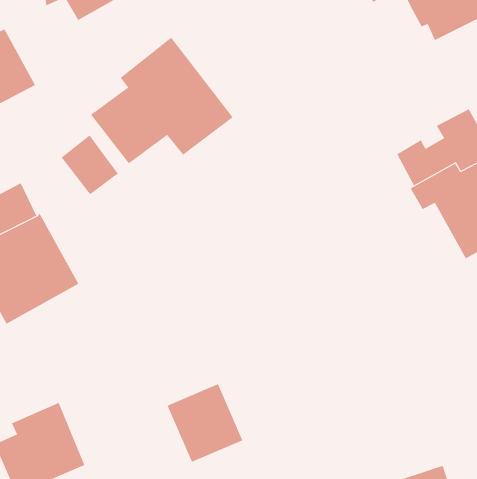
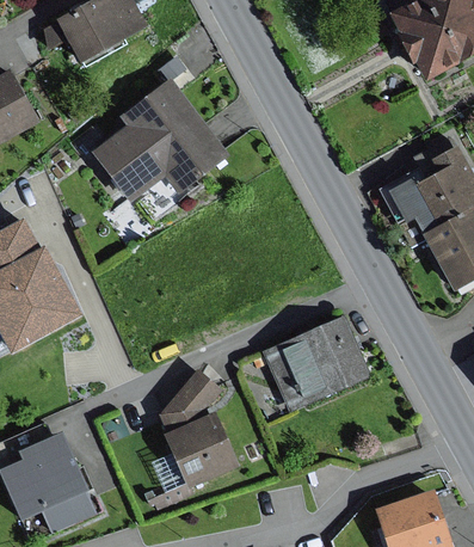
building: [61,134,118,195] -> none
building: none -> [264,315,371,411]
building: none -> [159,369,223,434]

